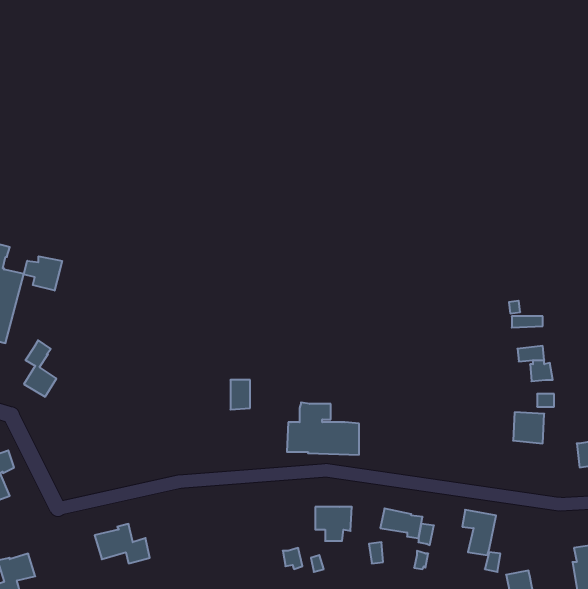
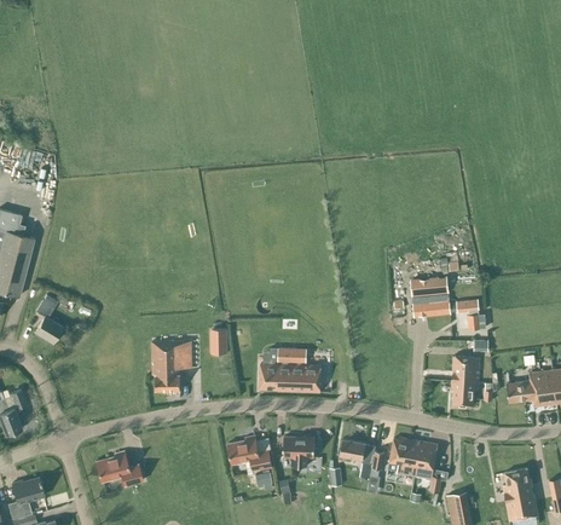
building: [24,256,62,291] -> none
building: none -> [411,275,451,318]
building: none -> [152,340,192,390]
building: none -> [452,380,479,405]
building: none -> [229,435,272,469]
building: none -> [389,437,420,475]

